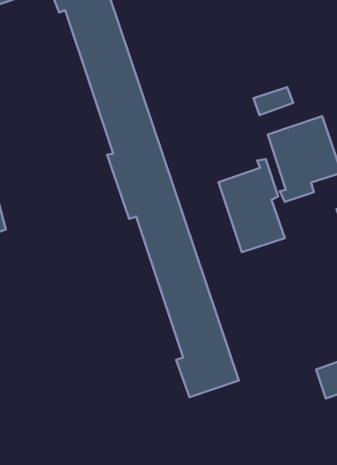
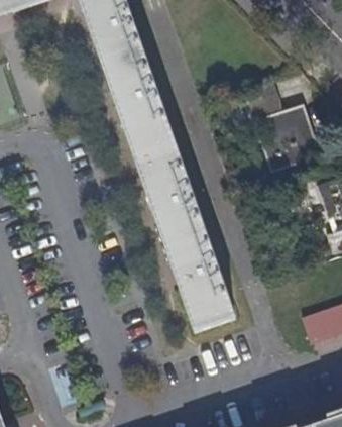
building: [219,159,285,252] -> none

